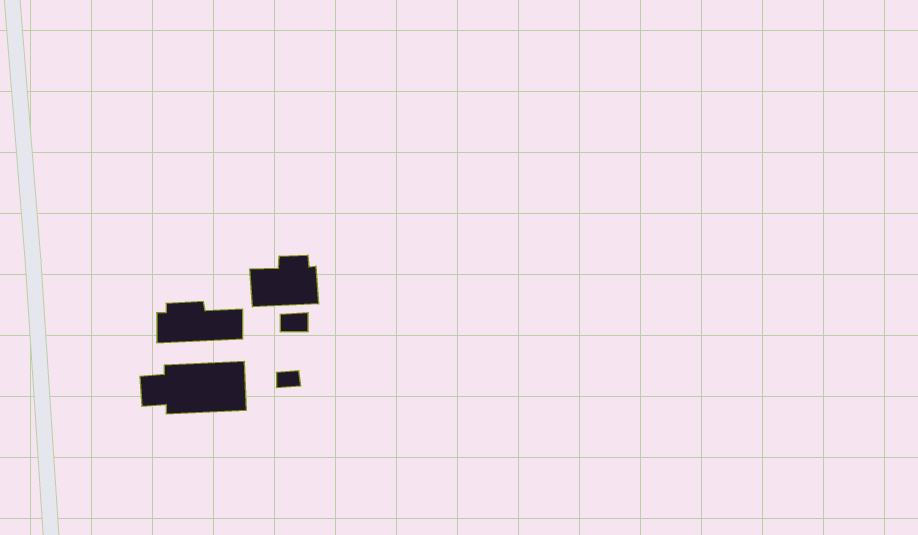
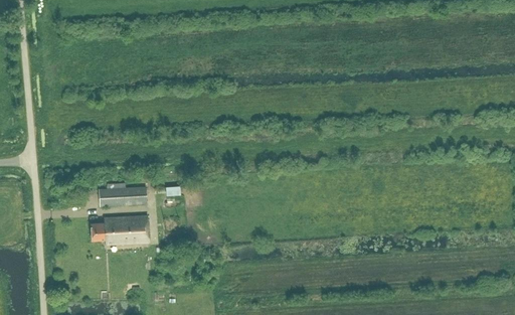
building: [250,255,319,307] -> none

